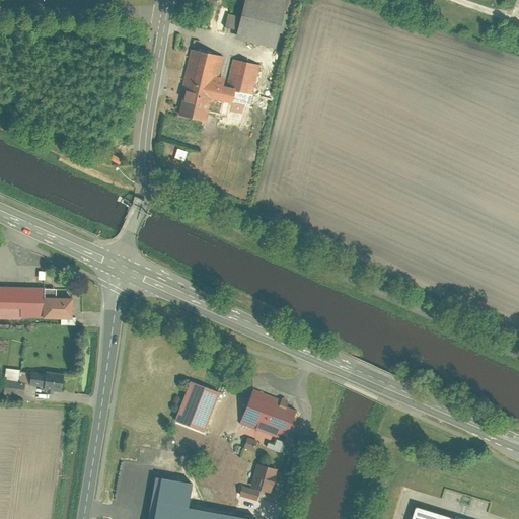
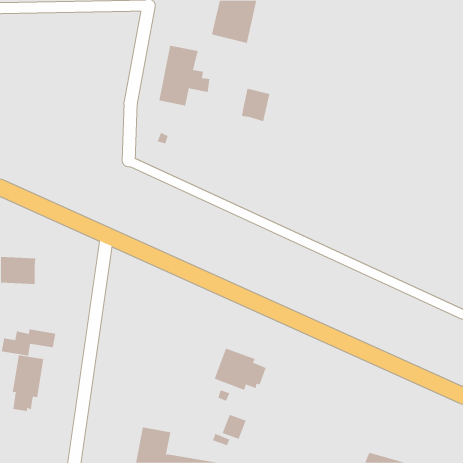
building: [227,56,260,93] -> [241,88,270,122]
building: [40,297,68,319] -> none
building: [170,380,219,433] -> none
building: none -> [12,354,44,412]

